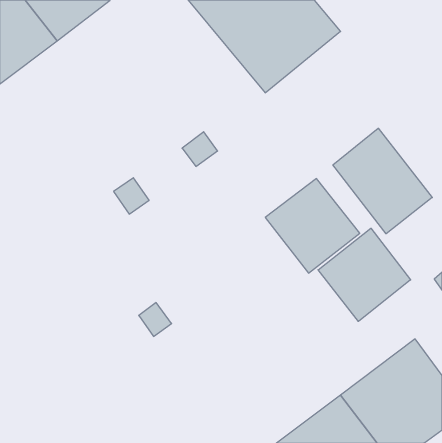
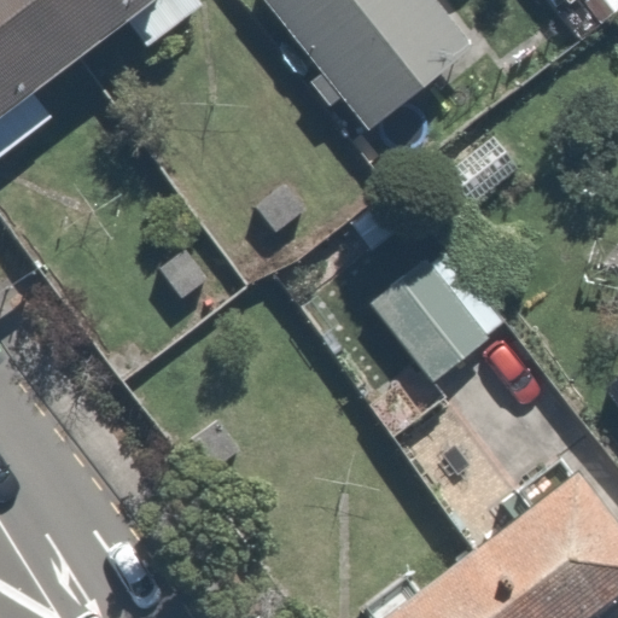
building: [333,128,432,234] -> none
building: [318,228,411,321] -> none

